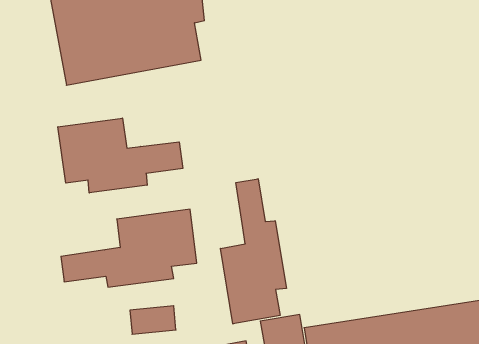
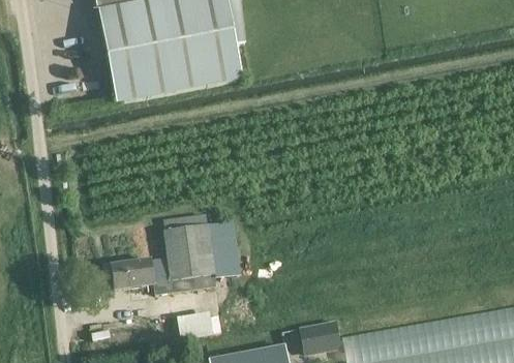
building: [58,118,183,193] -> none
building: [220,179,286,324] -> none

